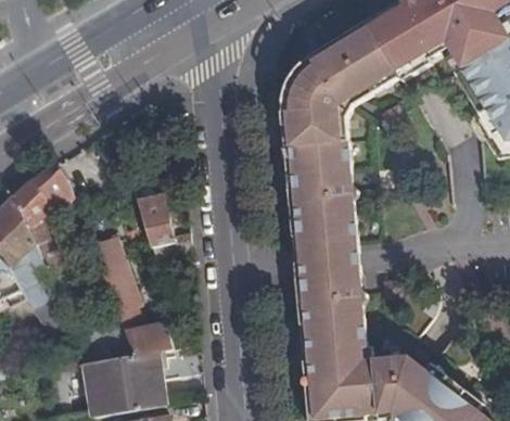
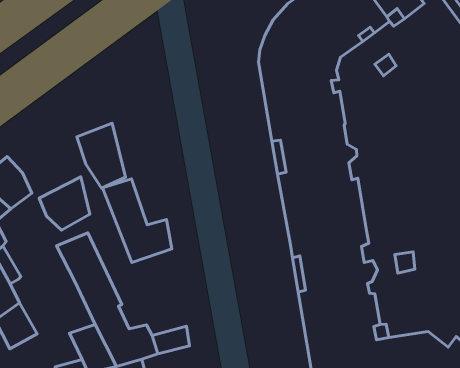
building: none -> [77,123,126,188]
building: none -> [39,177,90,230]

